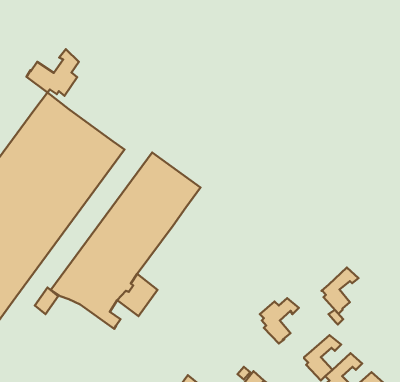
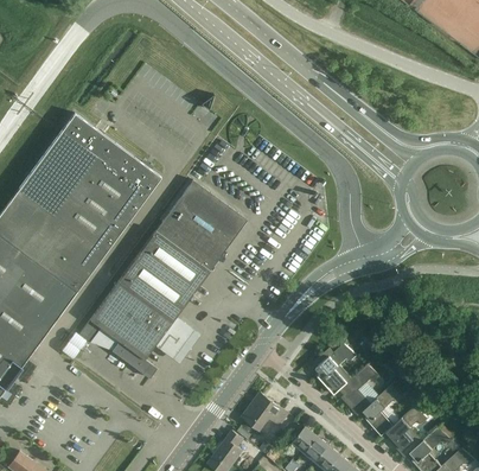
building: [26,49,79,96] -> none
building: [321,267,358,314] -> [339,364,381,416]
building: none -> [242,393,289,429]

